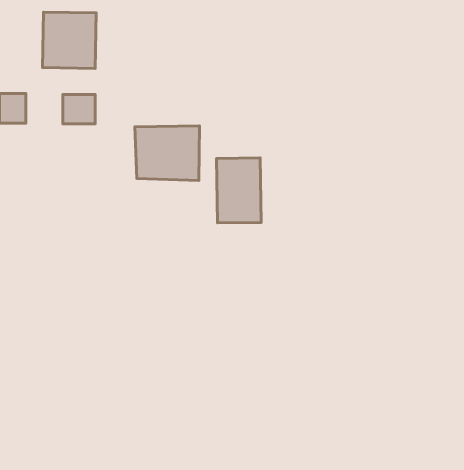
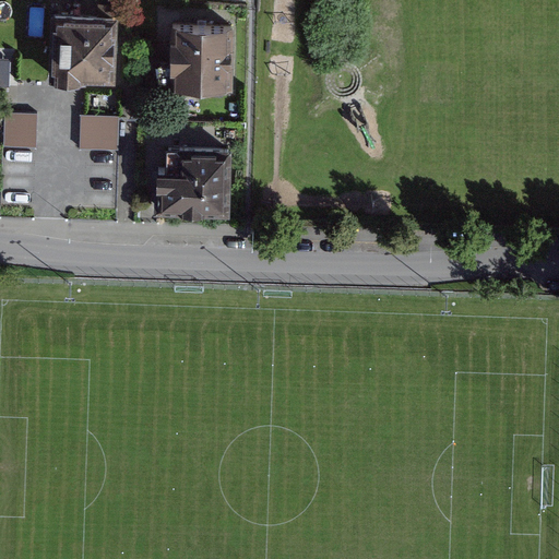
building: none -> [168,26,236,90]
building: [217,158,261,223] -> none

